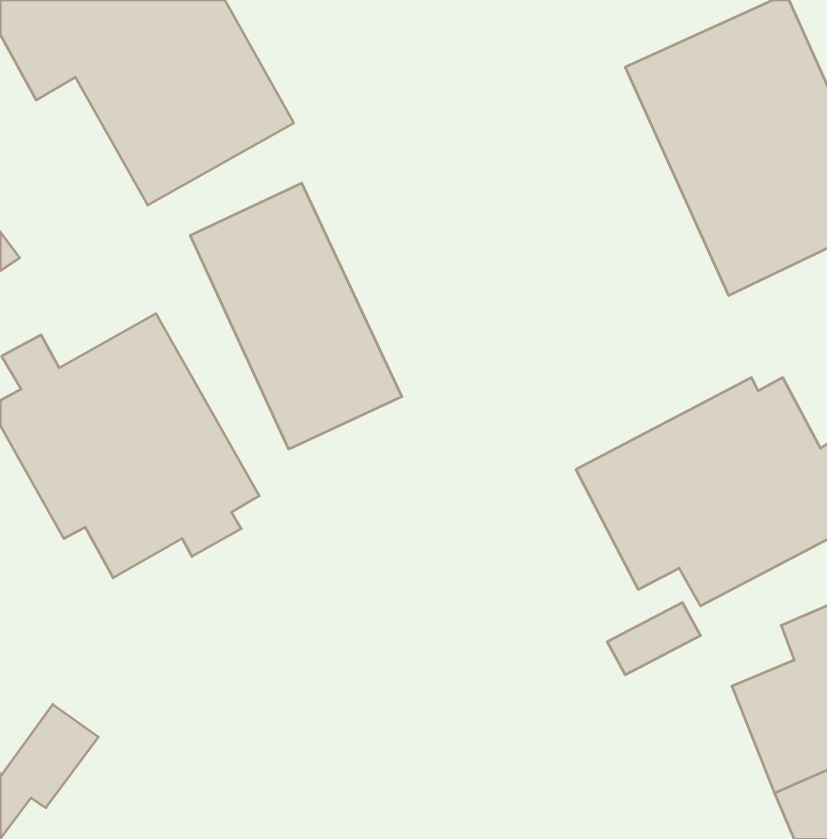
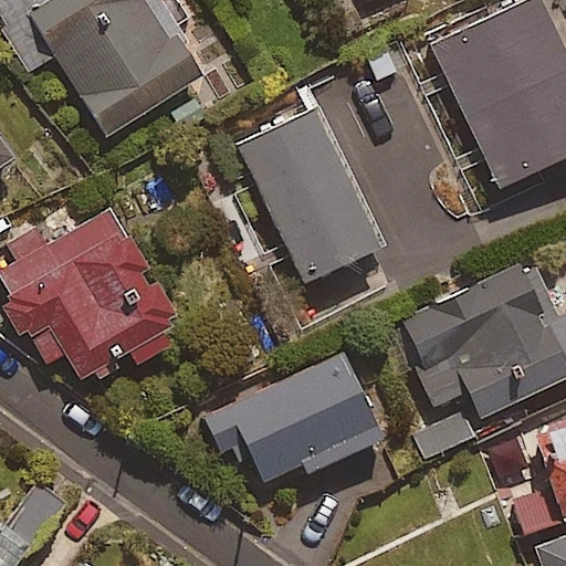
building: [190,183,402,449] -> [241,111,384,290]
building: none -> [203,342,378,471]

